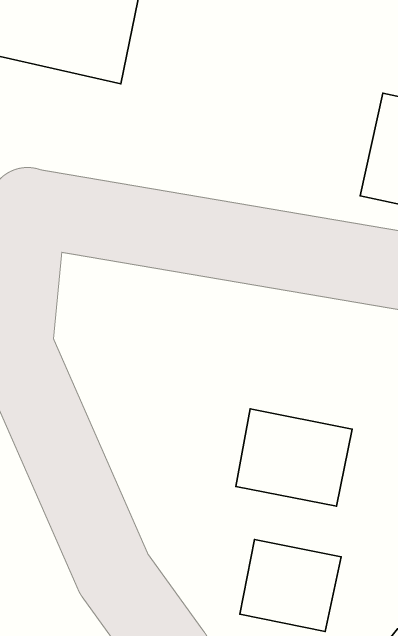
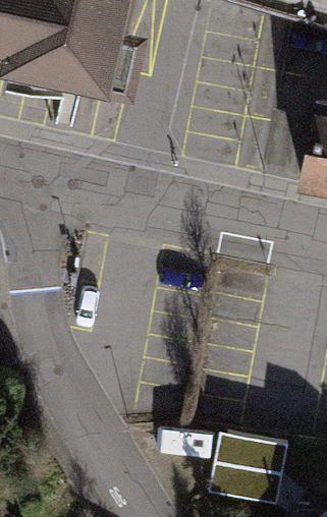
building: [236,409,352,506] -> none

